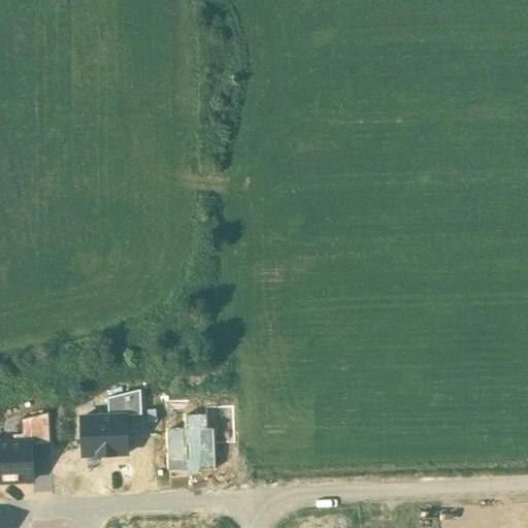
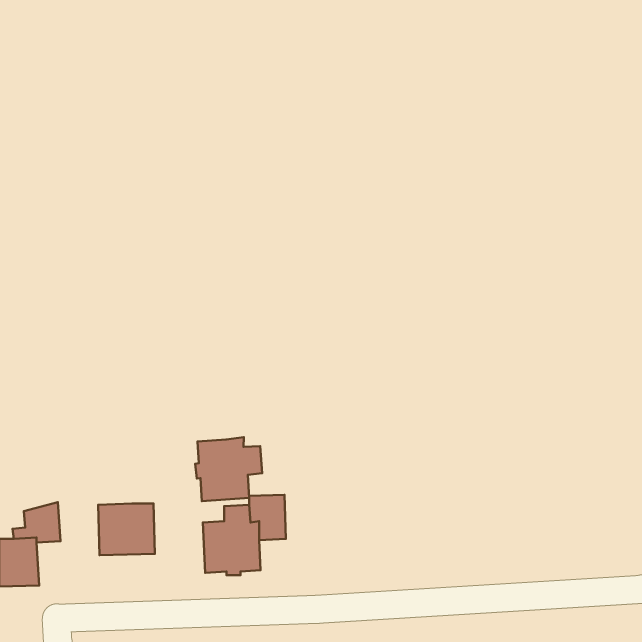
building: none -> [195,437,262,501]
building: [107,390,139,412] -> none

